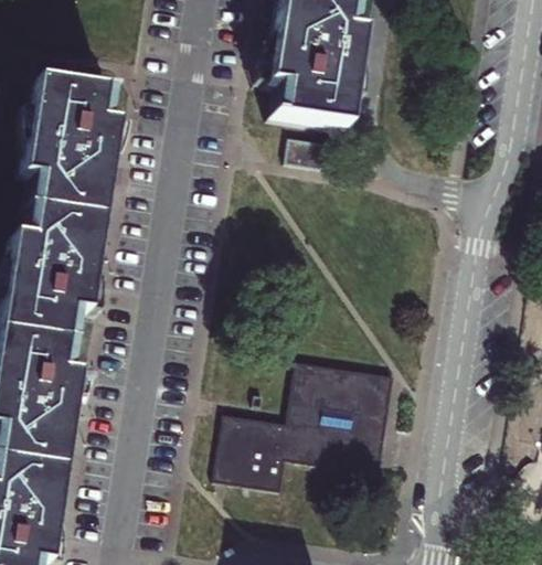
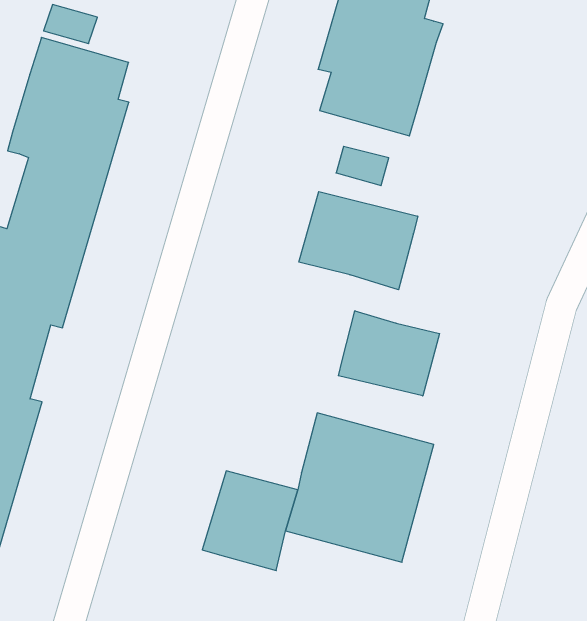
building: none -> [299,192,418,290]
building: none -> [338,311,440,396]

